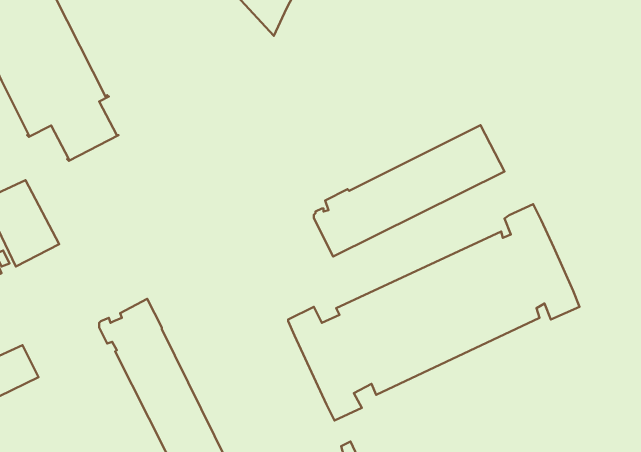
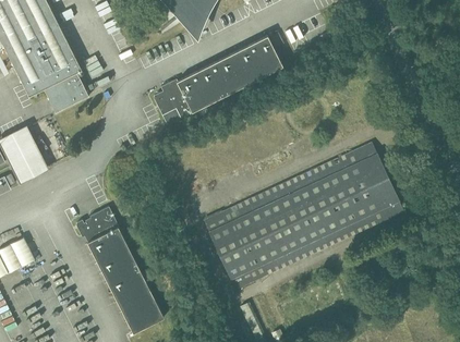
building: [314,125,504,257] -> [153,35,282,124]

